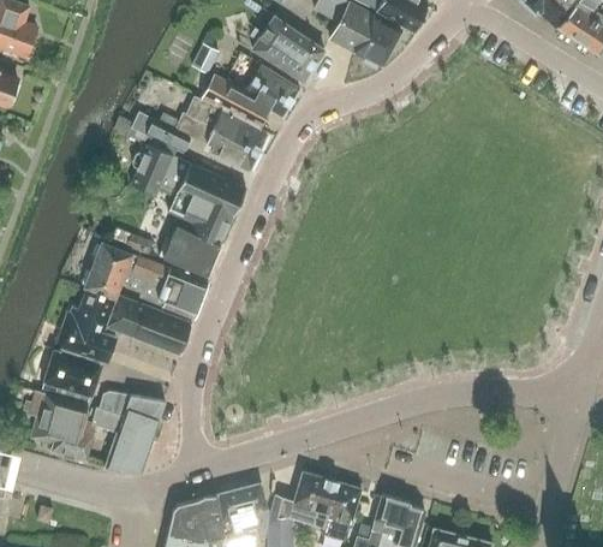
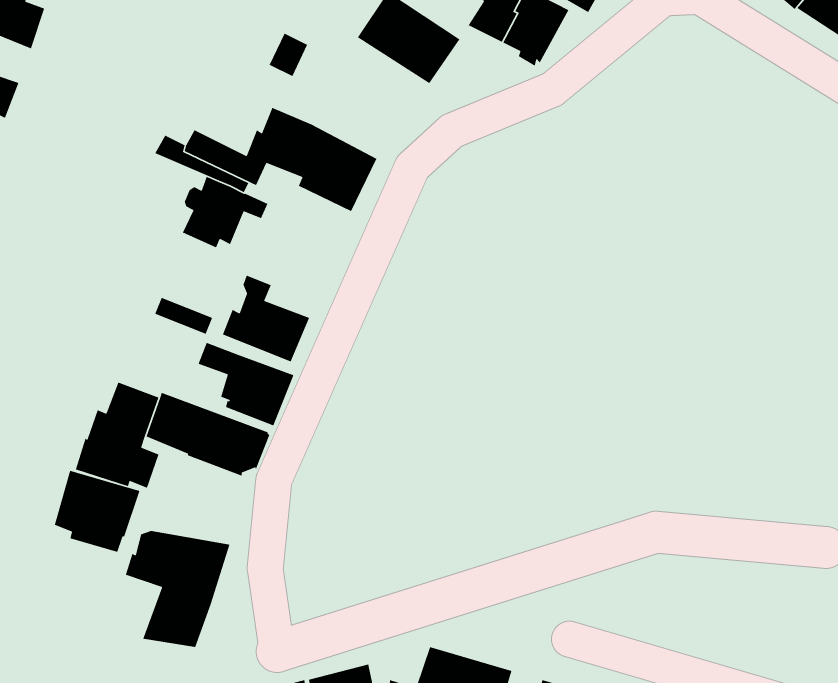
building: [203,65,299,118] -> none
building: [165,163,245,243] -> none
building: [84,242,163,301] -> none
building: [30,391,95,460] -> none

